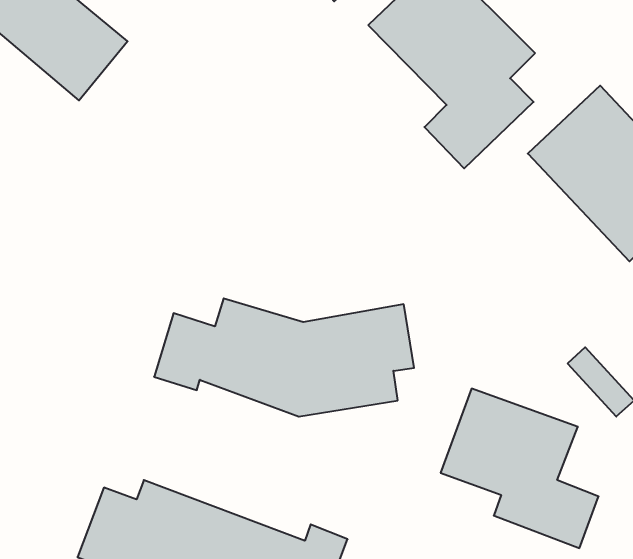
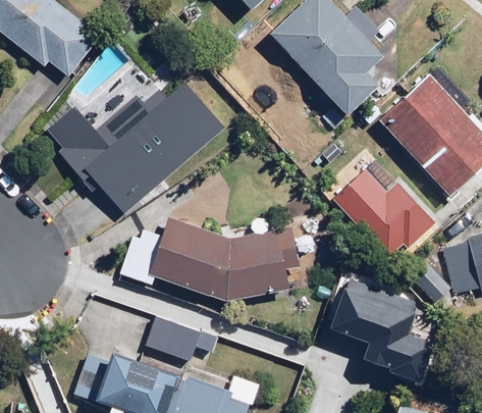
building: none -> [37,76,226,219]
building: none -> [329,170,432,264]
building: none -> [145,313,220,361]

